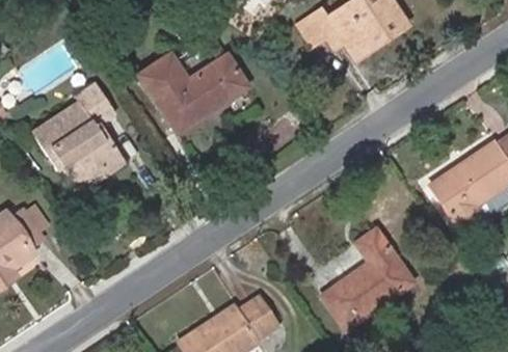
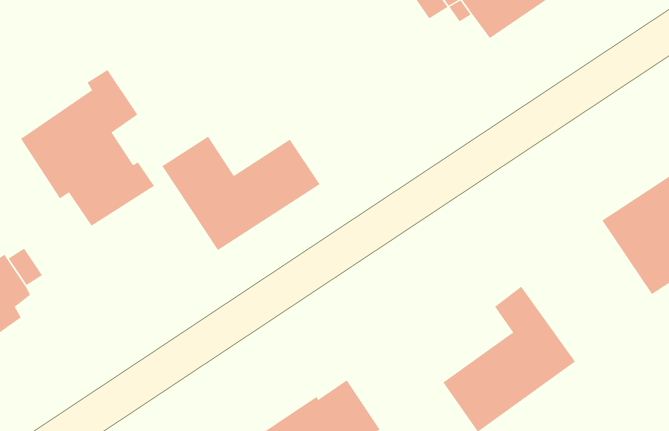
building: [137,52,246,131] -> [162,136,321,251]

